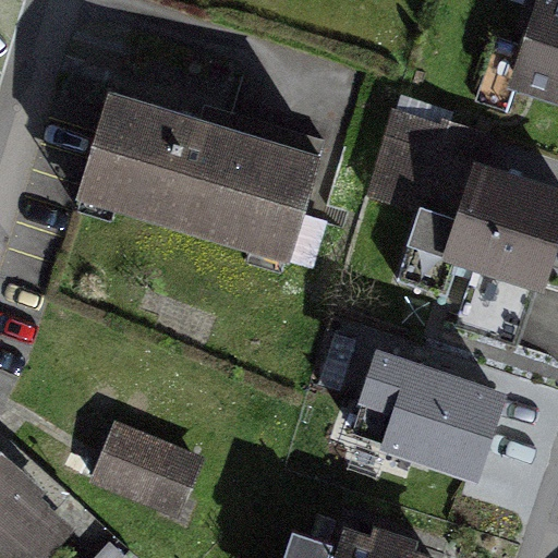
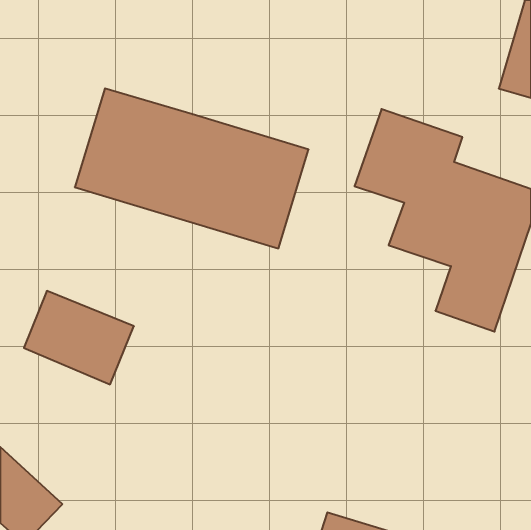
building: [359,344,509,483] -> none
building: [90,415,206,513] -> [24,291,134,384]

